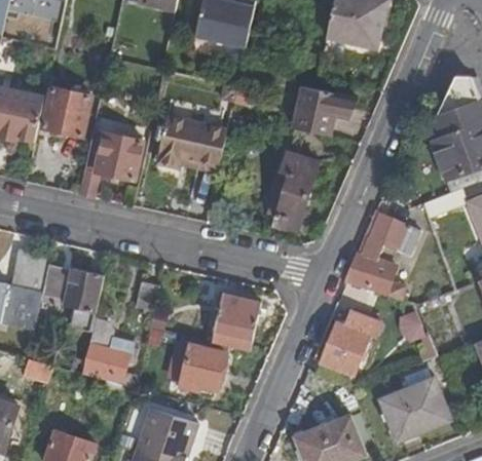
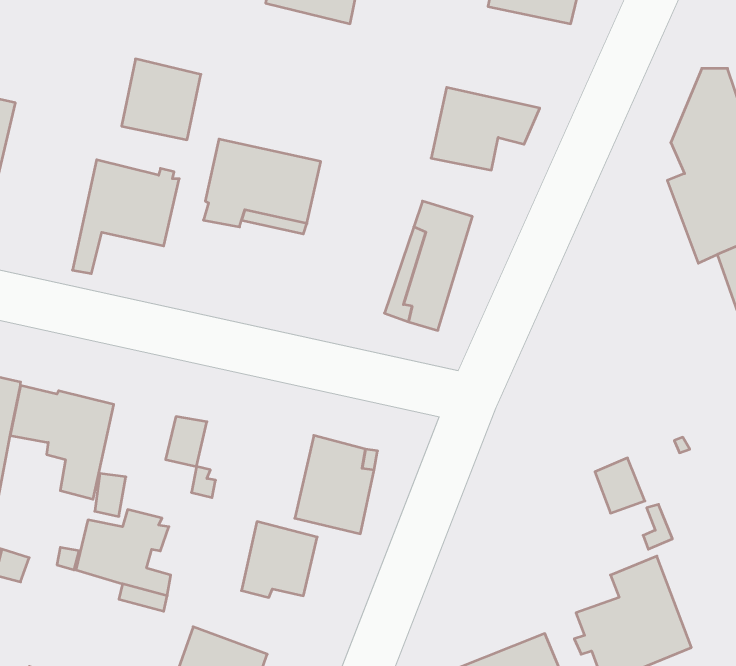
building: [43,87,90,136] -> [122,59,201,140]
building: [345,214,421,299] -> none
building: [321,310,379,376] -> none

